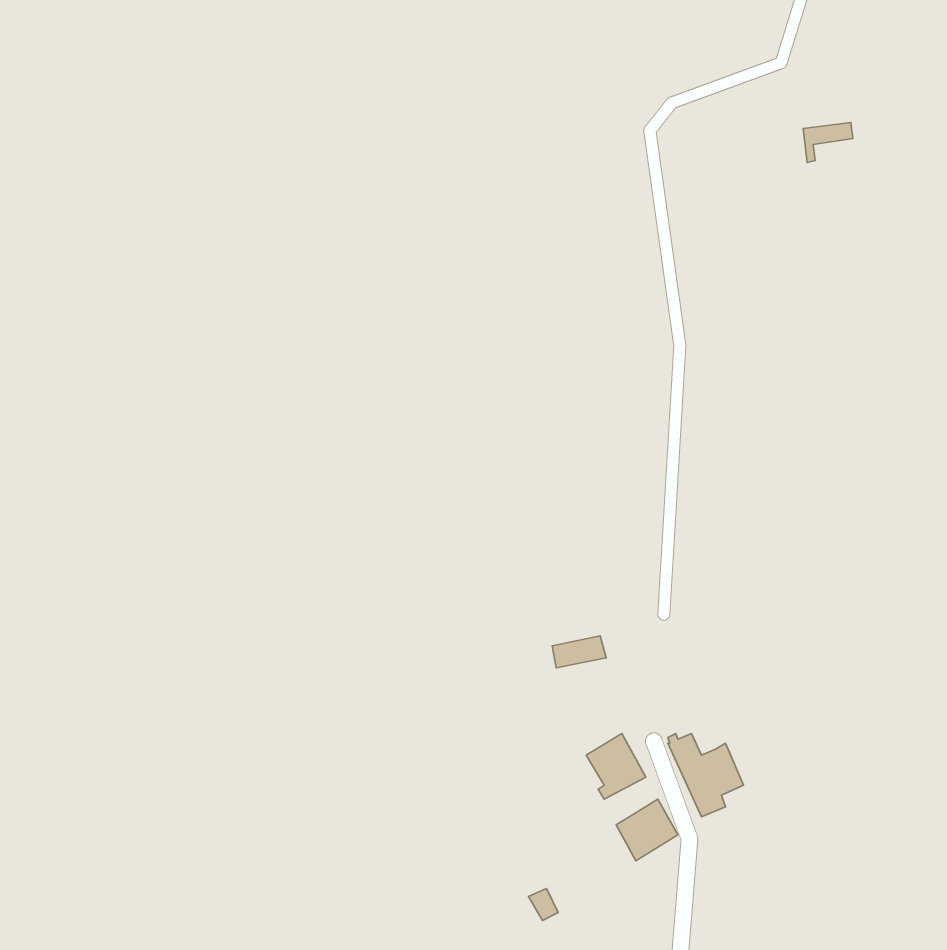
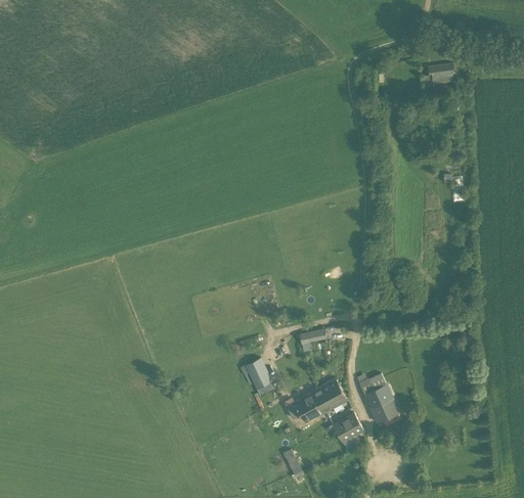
building: none -> [244,357,271,389]
building: none -> [286,390,325,422]

